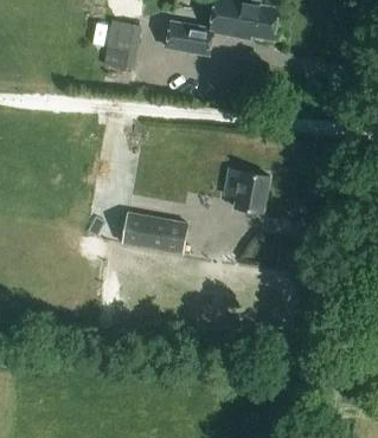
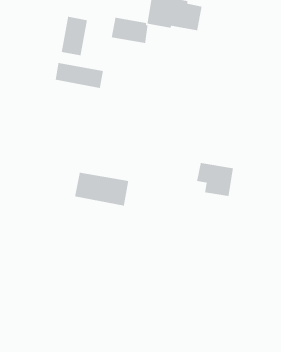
building: none -> [55,62,104,89]
building: [224,172,270,214] -> [196,162,234,197]

